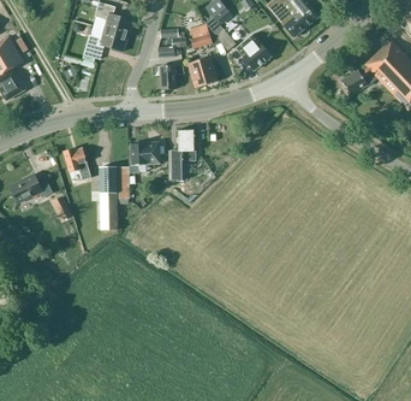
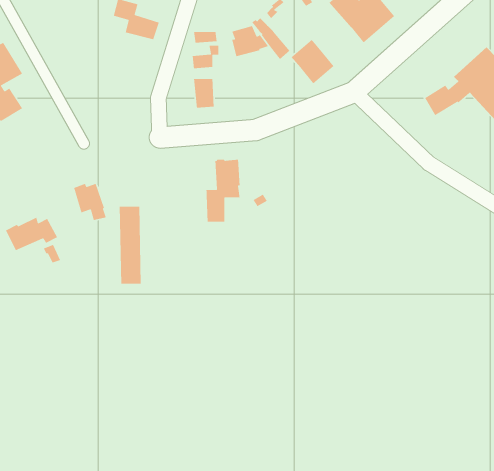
building: [84,29,127,59] -> none
building: [187,57,218,88] -> none
building: [118,141,160,202] -> none

